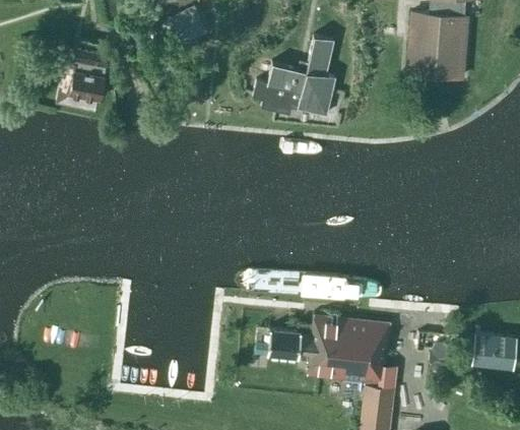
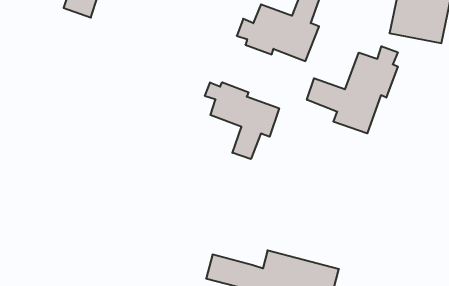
building: none -> [307,46,398,133]
building: none -> [205,82,279,159]

